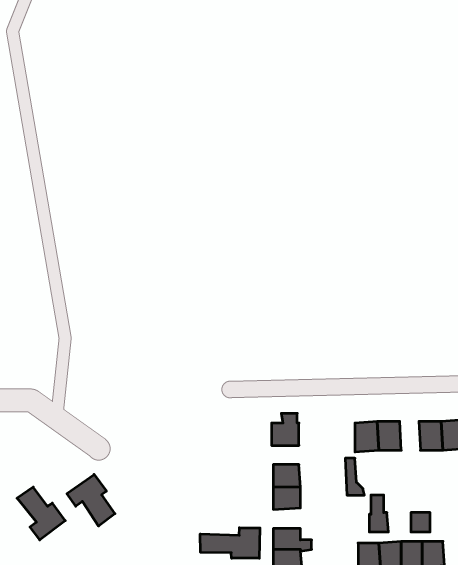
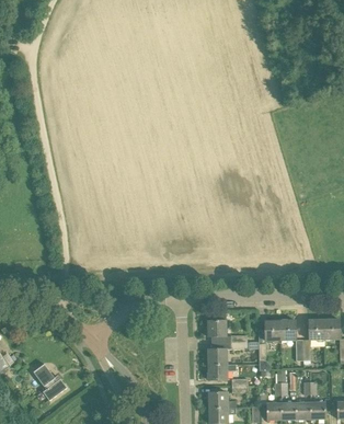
building: [67,474,115,526] -> none
building: [200,528,260,558] -> none

